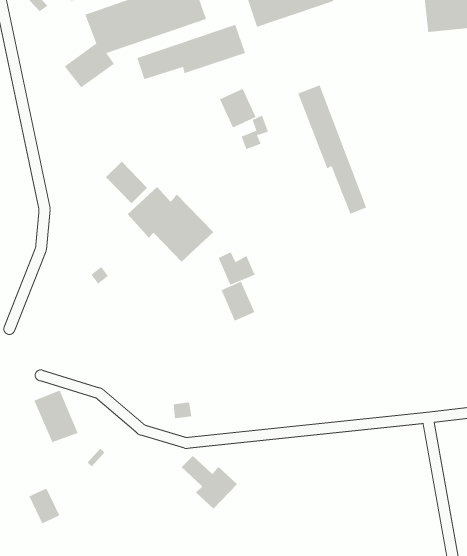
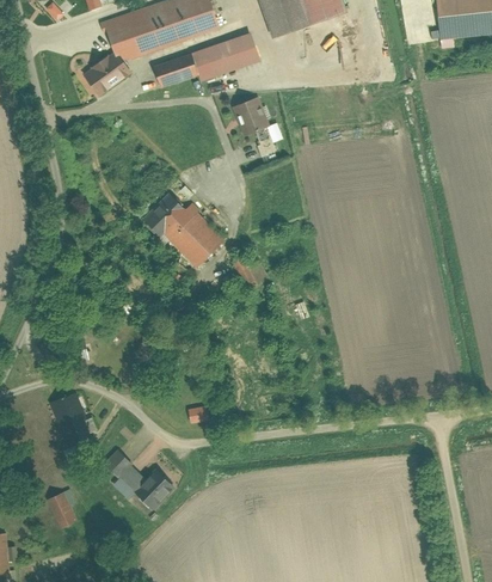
building: [298,85,367,214] -> none
building: [105,161,148,204] -> none
building: [221,281,255,322] -> none
building: [181,455,238,510] -> [119,459,176,513]

